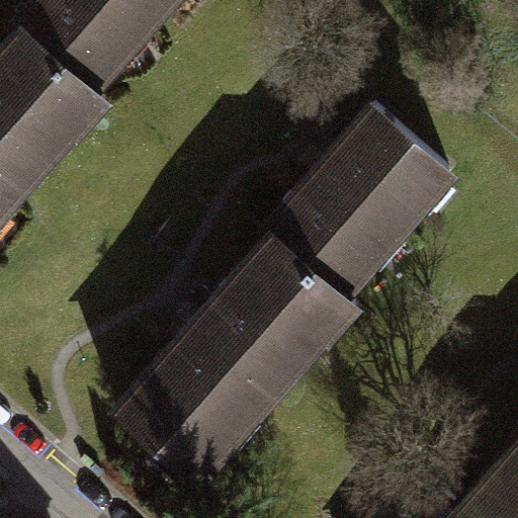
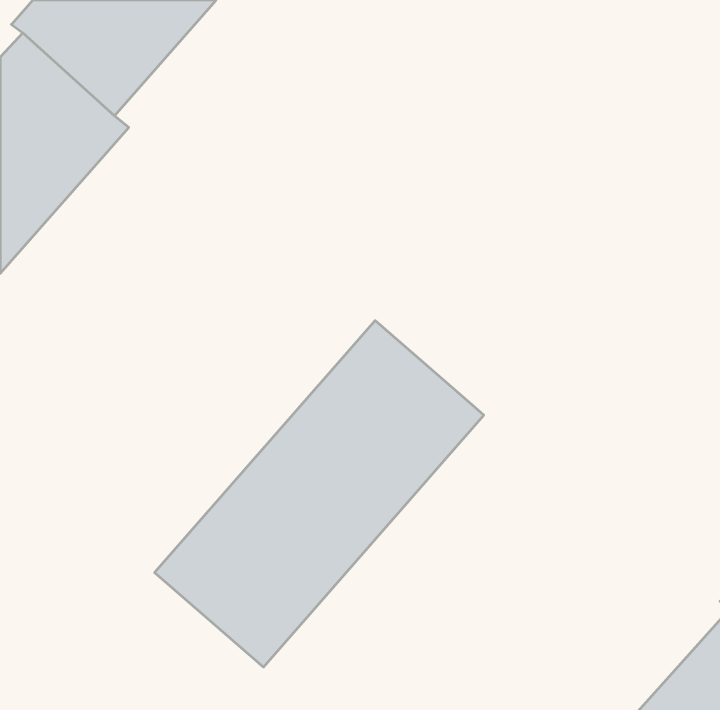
building: [267,113,450,301] -> none

